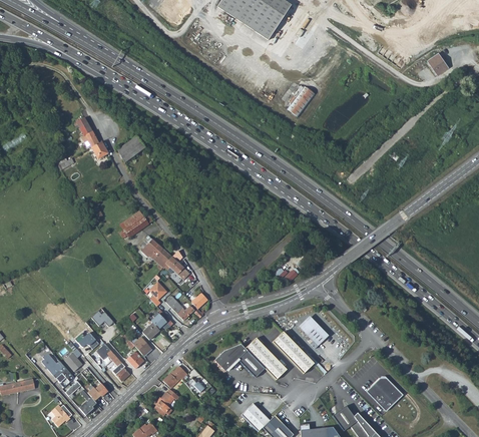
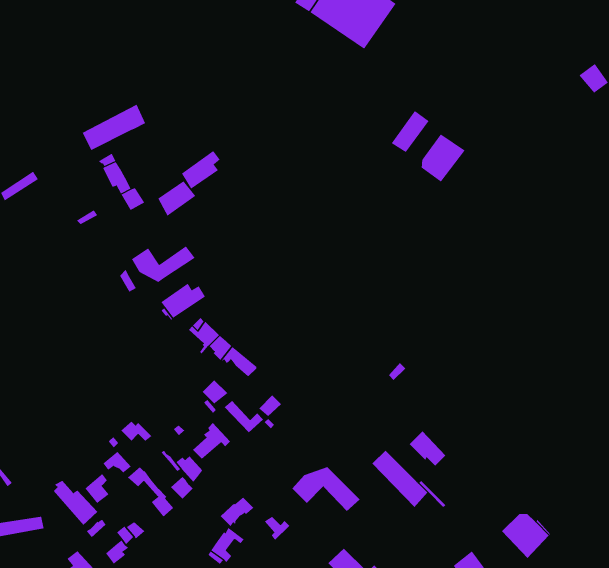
building: none -> [82,104,146,151]
building: none -> [421,134,465,183]
building: none -> [181,150,221,190]
building: none -> [131,245,195,283]
building: [245,338,287,380] -> none

